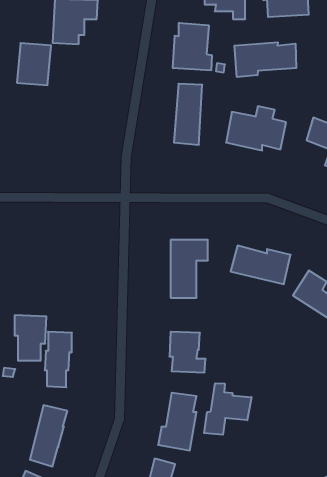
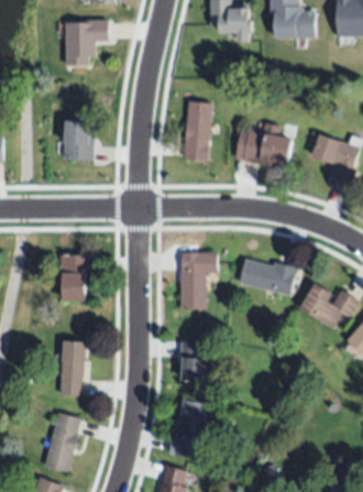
building: [173,23,212,70] -> none
building: [234,42,296,77] -> none
building: [17,43,51,85] -> [62,121,95,162]
building: [15,315,46,361] -> [59,255,90,299]
building: [204,383,251,435] -> none

